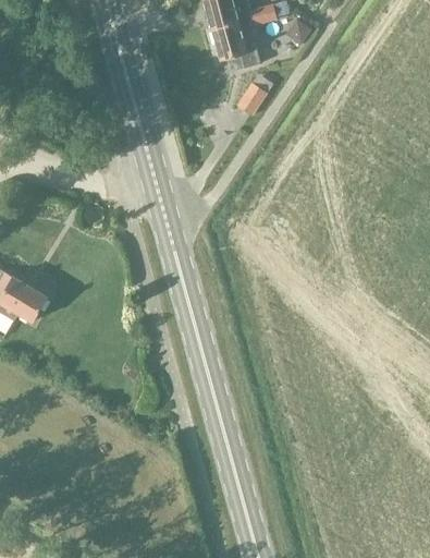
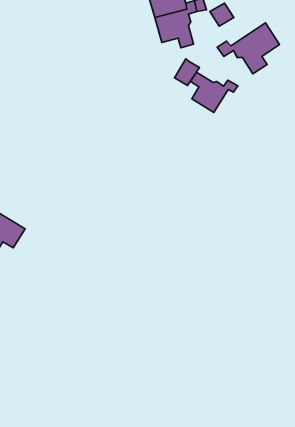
building: none -> [217,23,280,74]
building: none -> [191,72,238,113]

